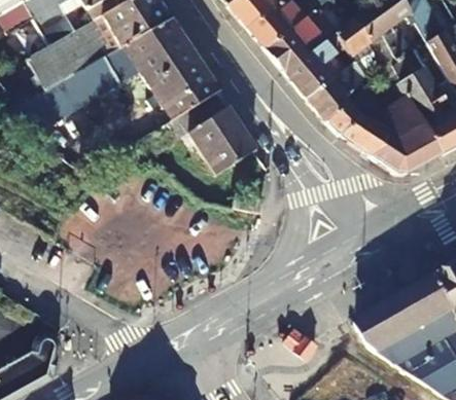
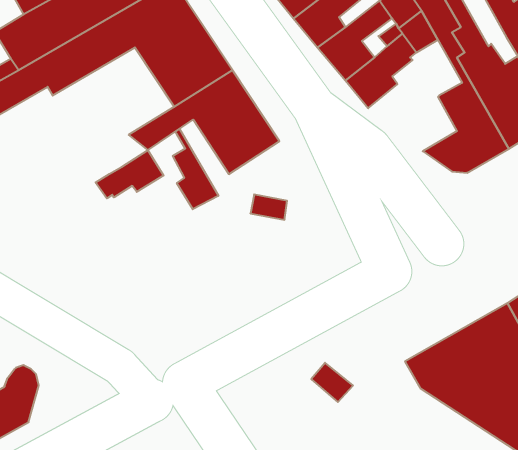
building: [328,87,400,156] -> none
building: none -> [173,129,218,209]
building: none -> [96,150,164,198]

